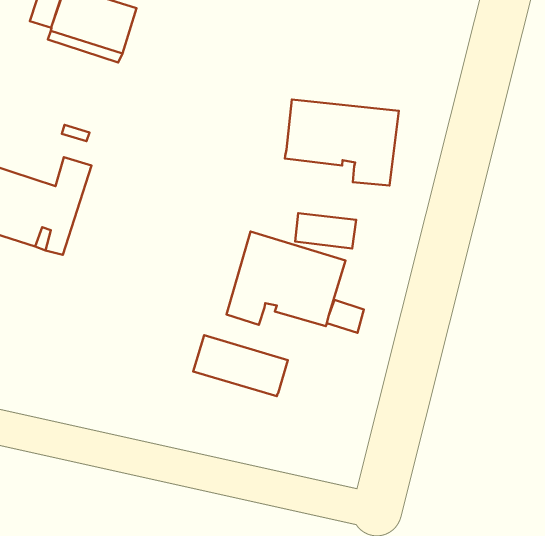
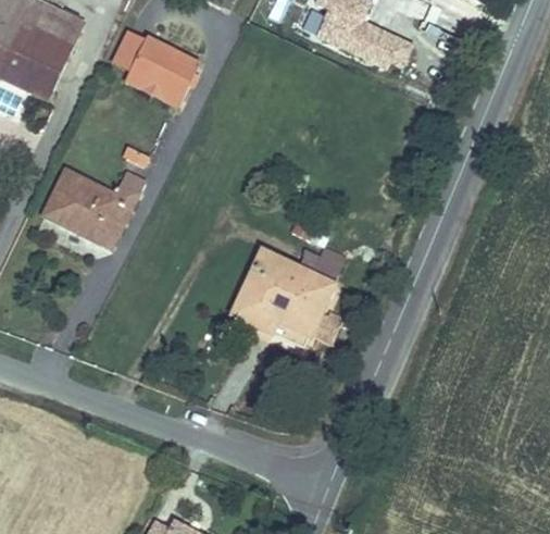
building: [285,99,399,185] -> none
building: [193,335,288,396] -> none

